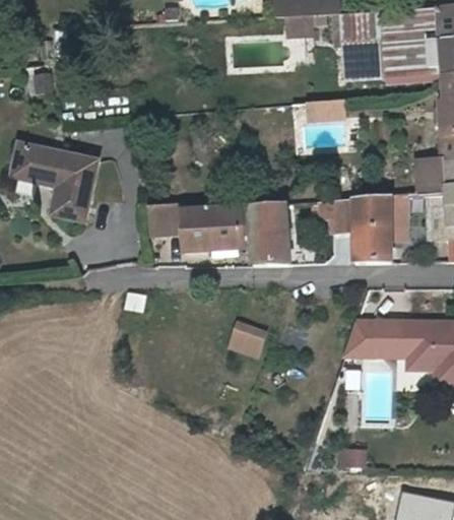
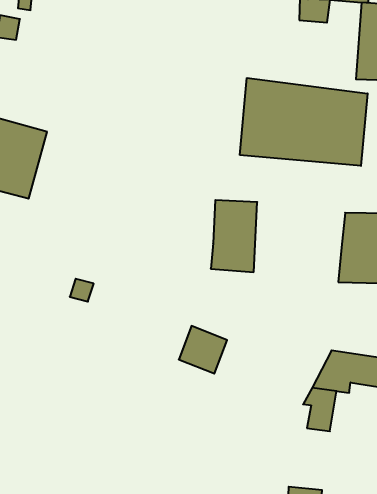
building: none -> [240,78,368,166]
building: [320,199,354,231] -> none
building: [142,203,243,250] -> none

